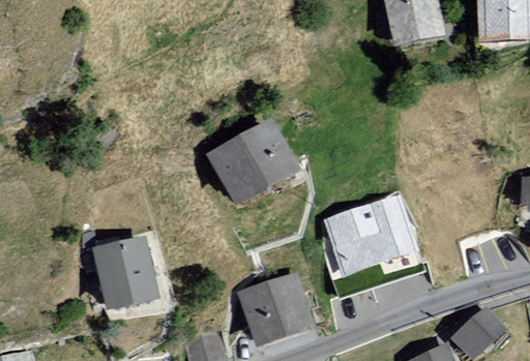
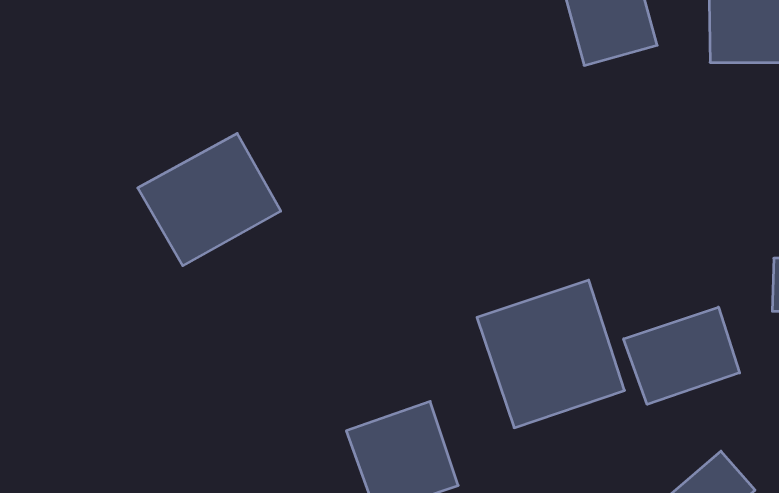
building: [207,121,302,209] -> [138,133,281,266]
building: none -> [624,307,740,404]
building: [88,236,160,317] -> none

